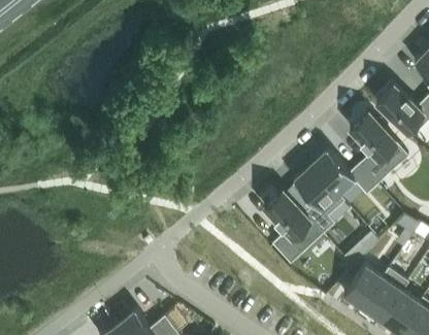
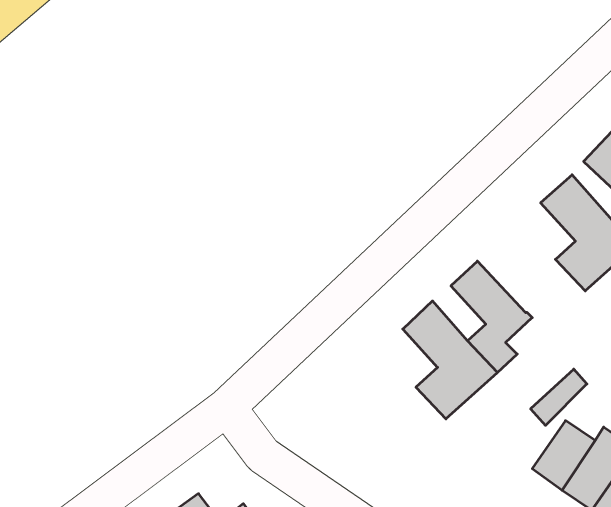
building: [309,150,376,198] -> none

